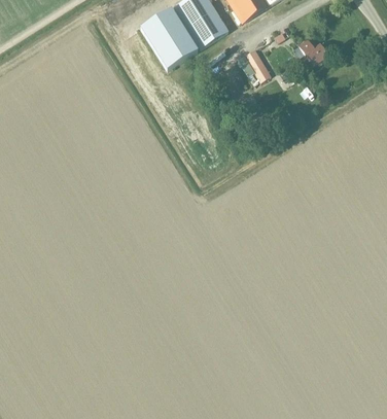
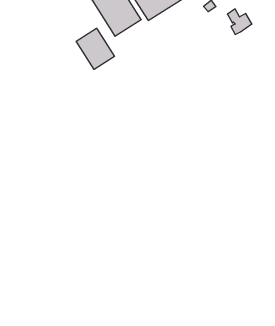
building: [237,47,271,80] -> none
building: none -> [76,28,114,69]

